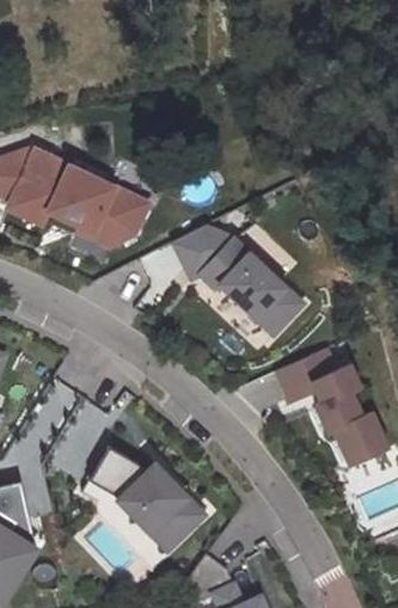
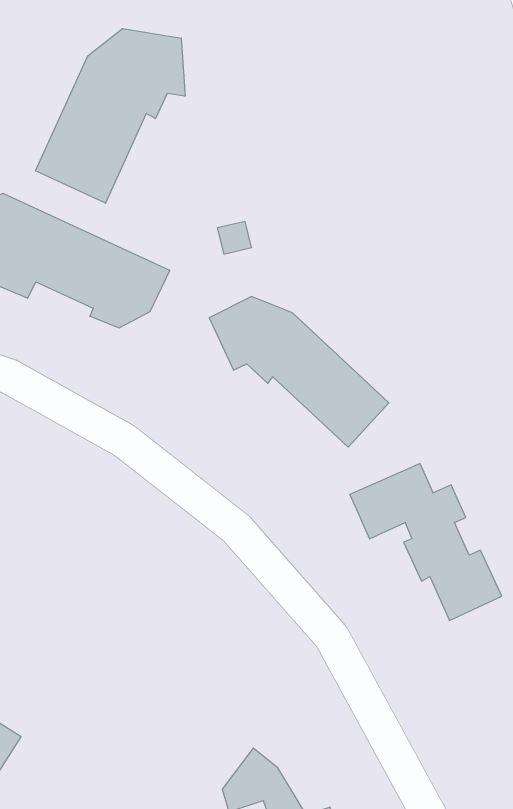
building: none -> [35,29,185,203]
building: [91,446,206,549] -> none

